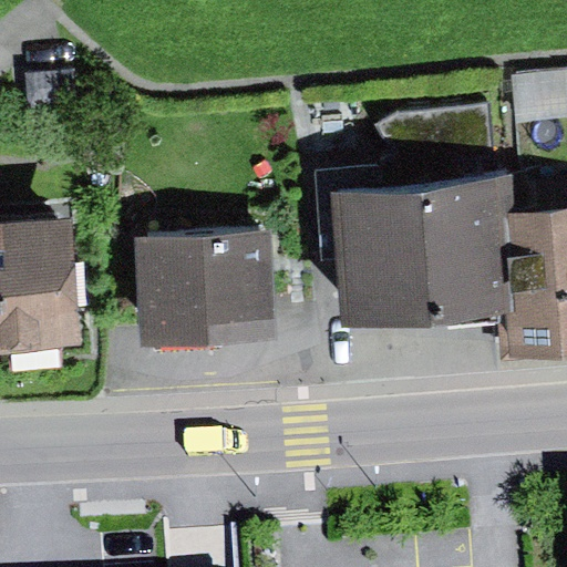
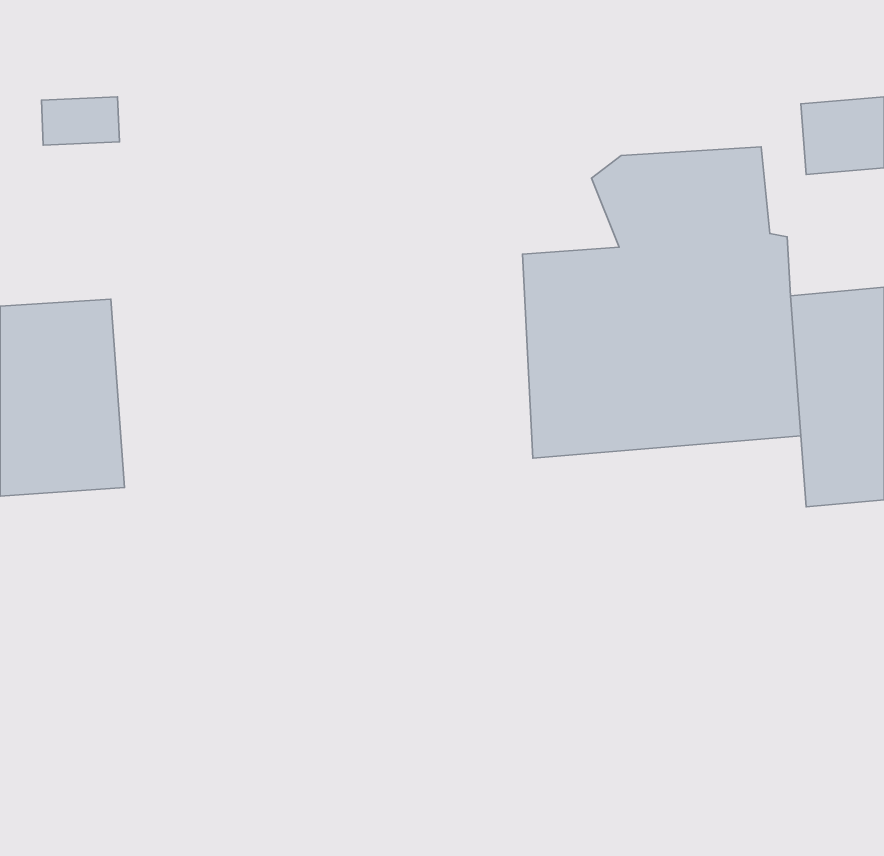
building: [136,233,278,339] -> none

